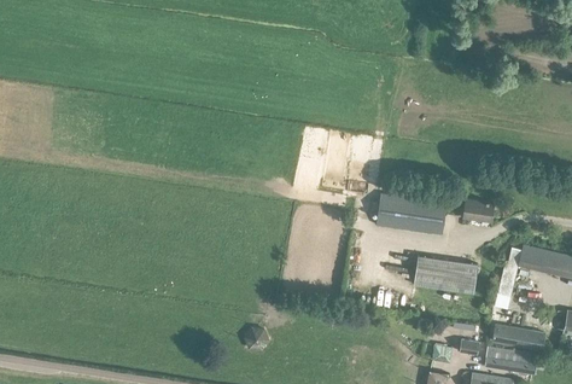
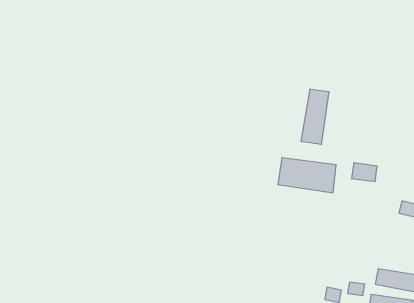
building: none -> [301,89,329,145]
building: [413,257,477,295] -> none

